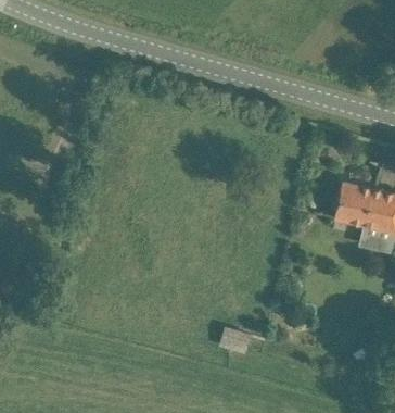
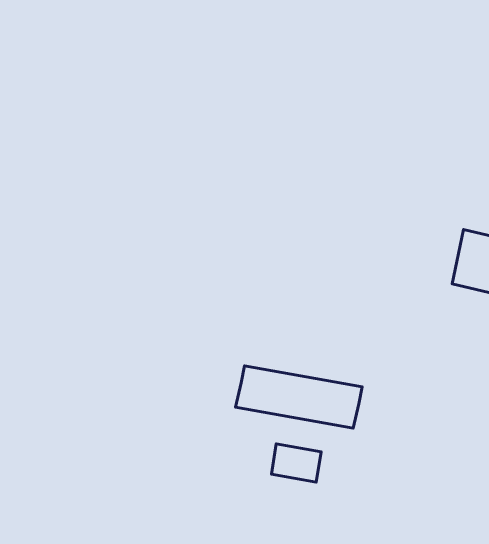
building: none -> [236,366,362,428]

